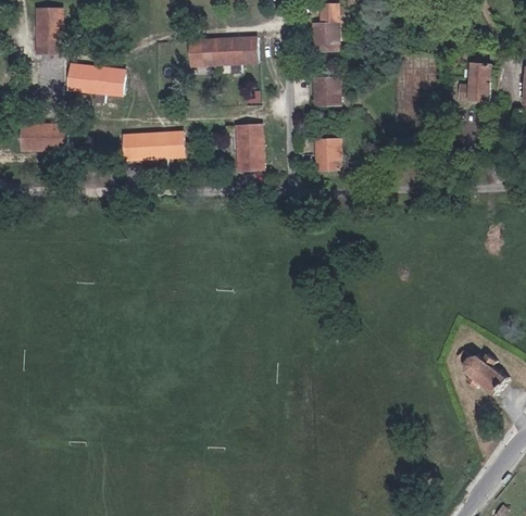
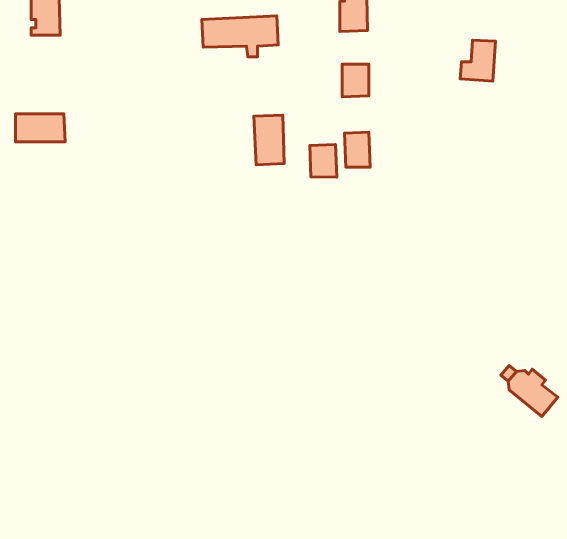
building: [68,62,123,102] -> none
building: [460,65,491,102] -> [460,40,495,81]
building: [124,130,183,167] -> none
building: none -> [310,145,337,177]

